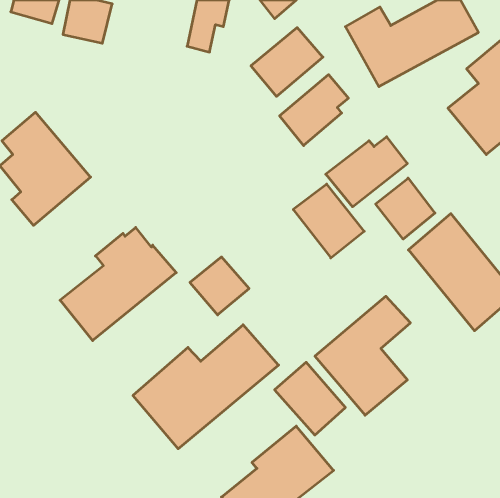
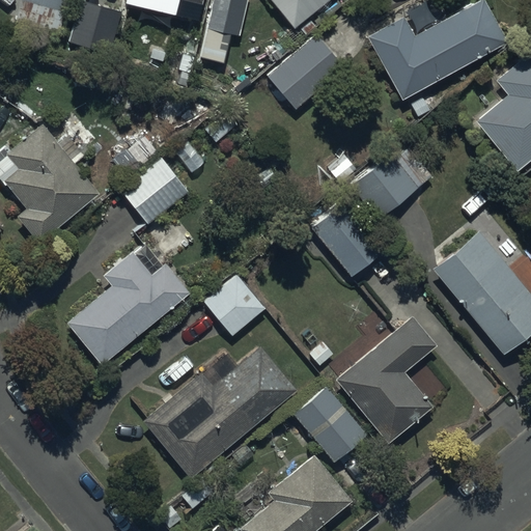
building: [280,75,348,146] -> none
building: none -> [121,159,187,224]
building: [376,178,435,239] -> none

